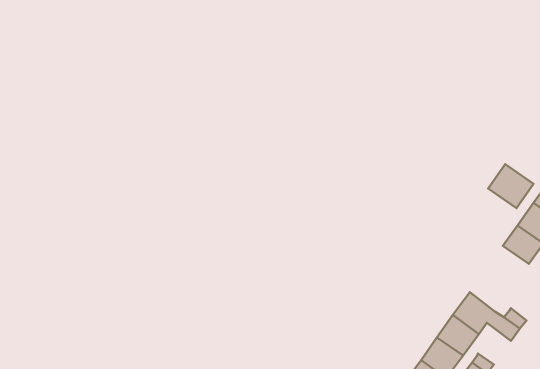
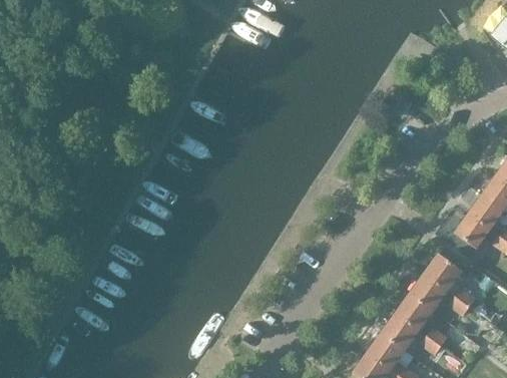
building: [488,164,534,208] -> none
building: none -> [426,251,463,288]

